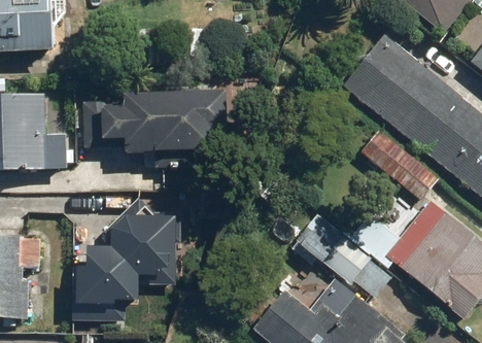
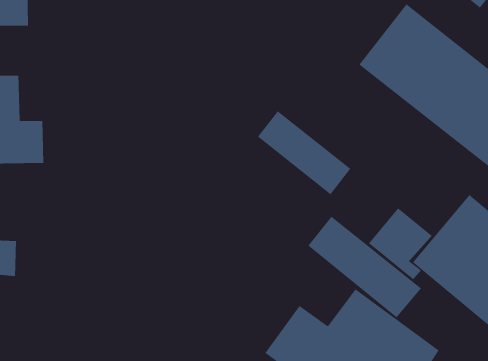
building: [105,91,228,149] -> none
building: [357,127,439,200] -> [257,110,351,195]
building: [77,195,179,305] -> none

